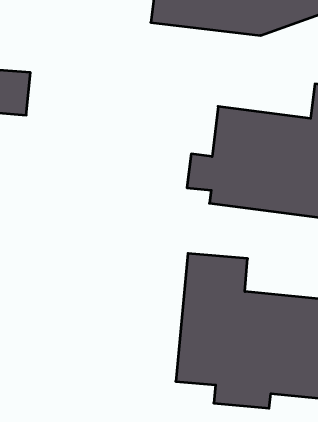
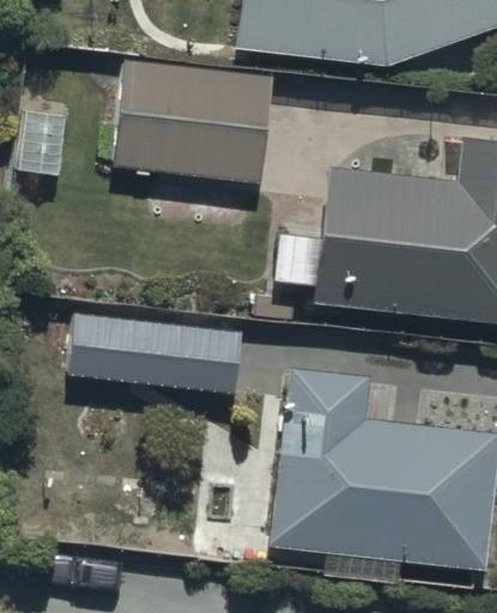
building: none -> [114,62,271,186]
building: none -> [72,314,244,396]

